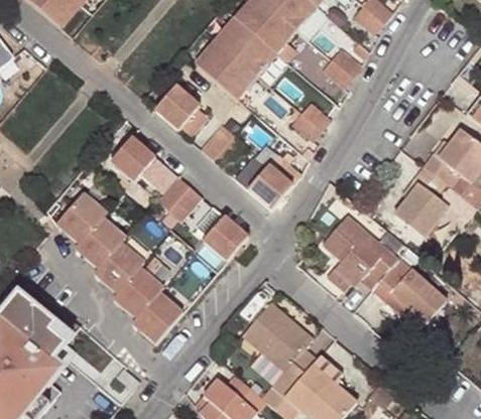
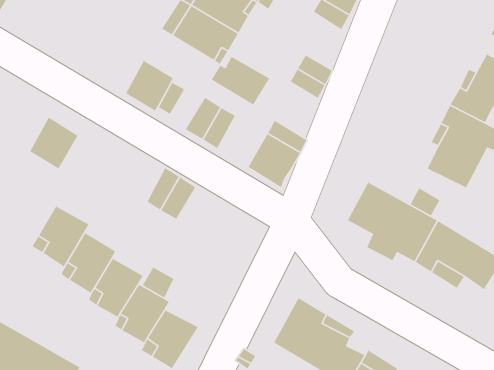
building: none -> [211,56,270,106]
building: [112,136,155,181] -> [29,116,79,169]
building: [203,216,246,260] -> none

